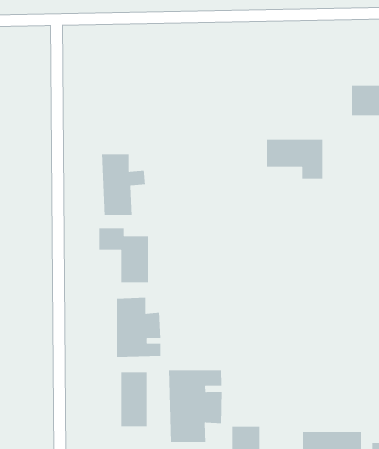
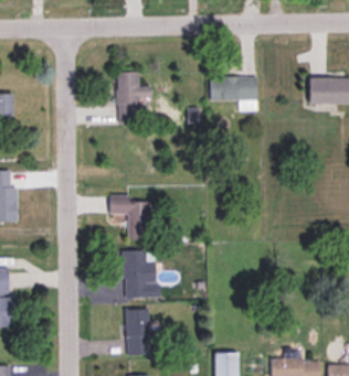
building: [266,139,323,180] -> [212,77,258,110]
building: [101,153,146,216] -> [112,75,148,126]
building: [168,369,222,443] -> none

